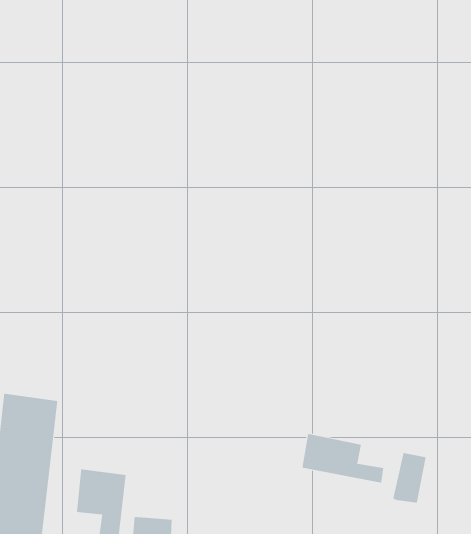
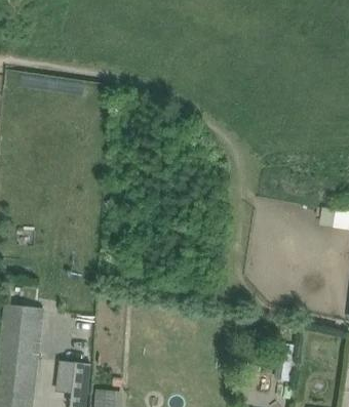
building: [302,433,384,483] -> none

